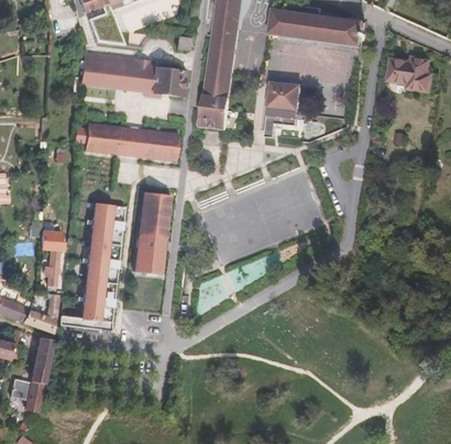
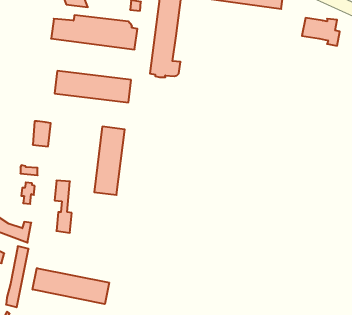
building: [266,82,301,119] -> none
building: [90,209,112,240] -> [33,121,51,146]
building: none -> [33,268,109,304]

